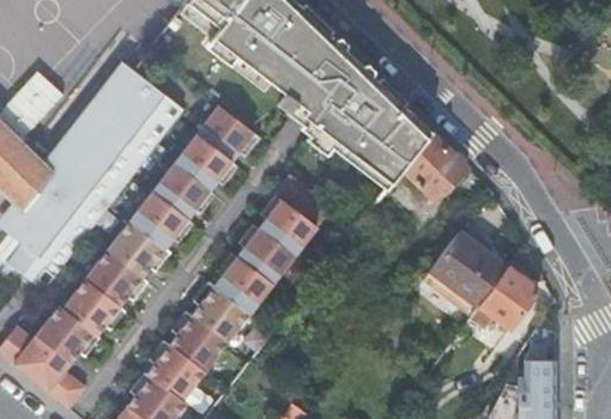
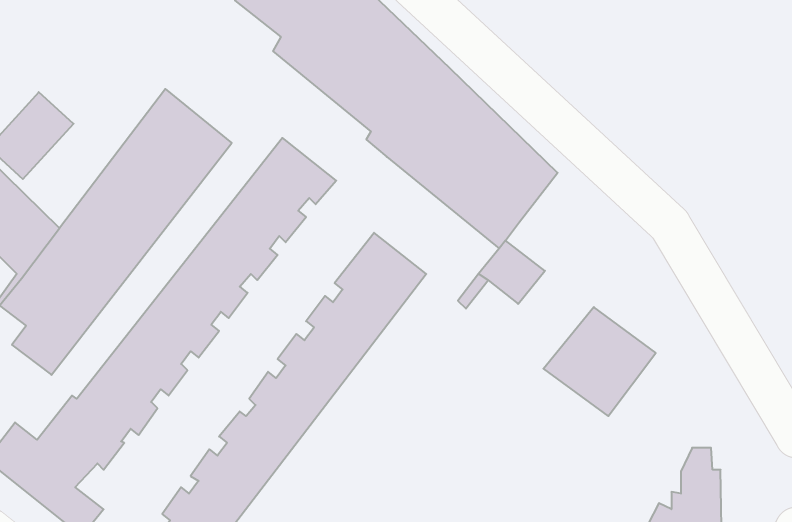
building: [400,132,466,200] -> none
building: [466,267,536,329] -> none

